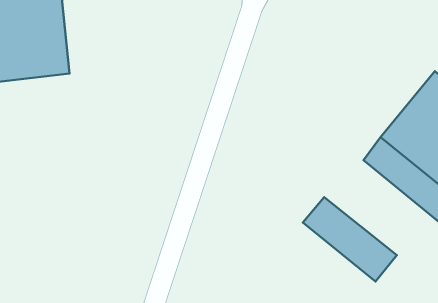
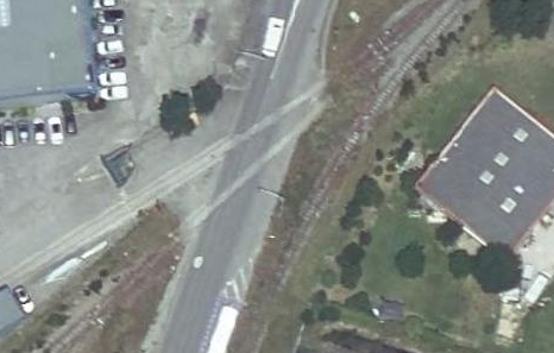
building: [303,197,397,282] -> none

